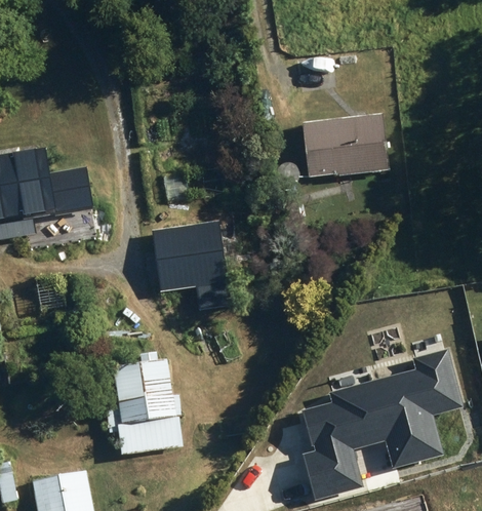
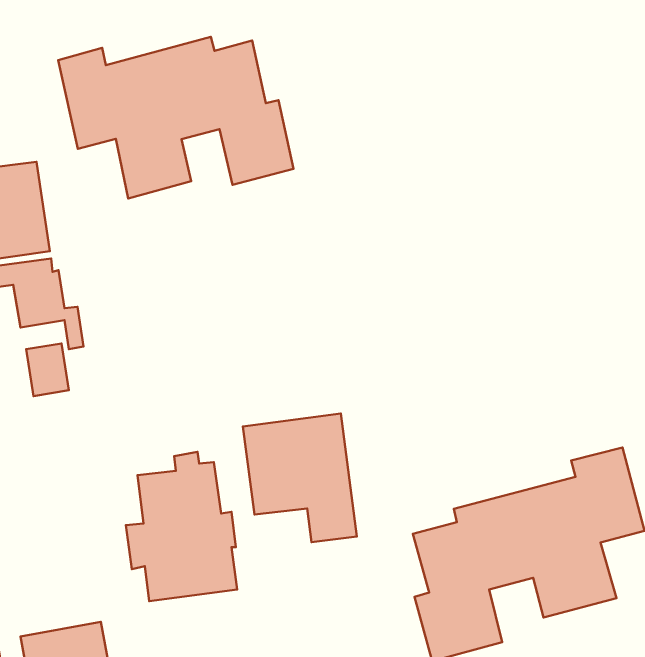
building: none -> [58,37,293,199]
building: [300,114,387,176] -> none
building: [149,220,229,310] -> [243,413,357,542]

